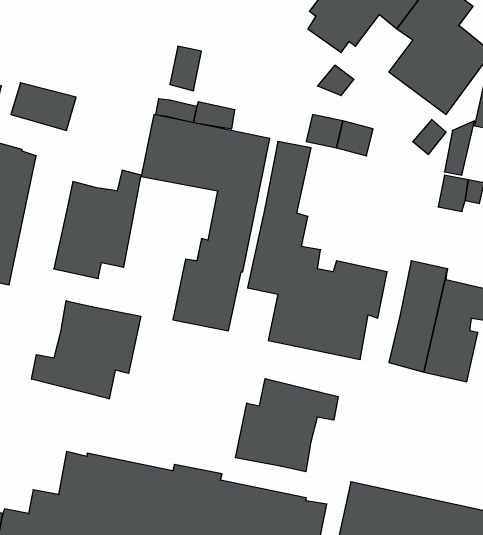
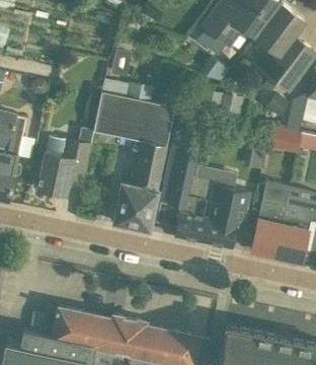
building: [32,301,141,399] -> none
building: [236,379,338,472] -> none

